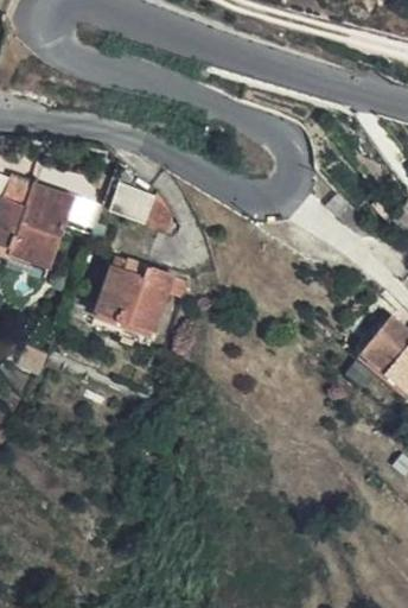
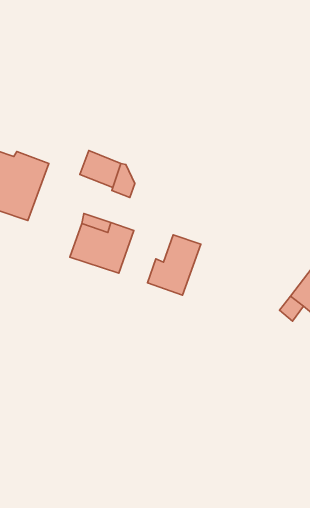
building: none -> [147,235,201,295]

